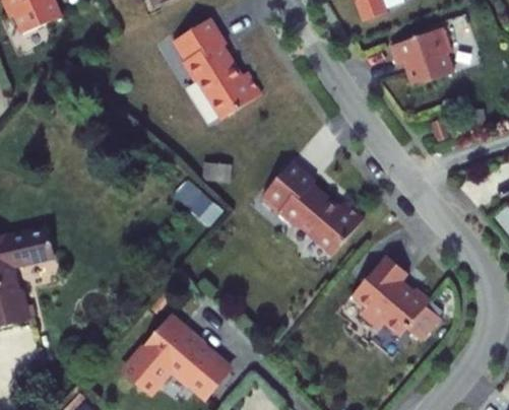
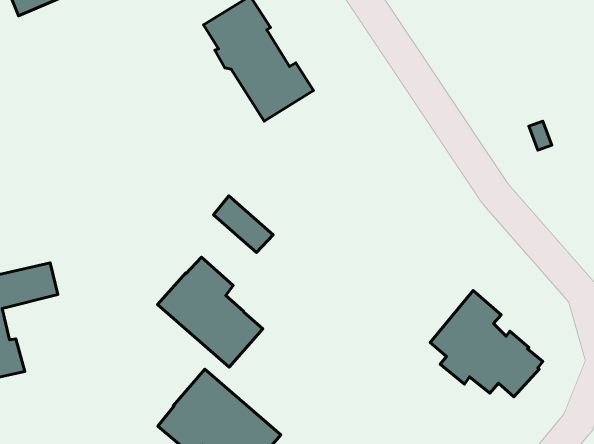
building: [390,27,453,87] -> none
building: [263,160,364,254] -> none
building: none -> [158,257,263,367]

